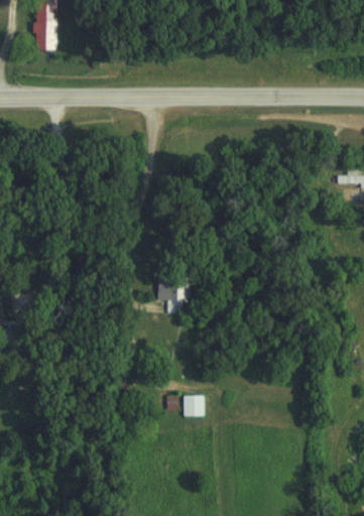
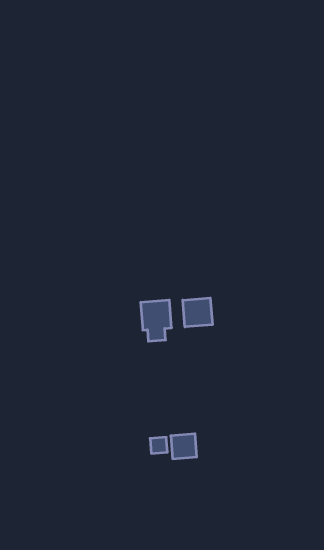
building: none -> [183,298,212,327]

